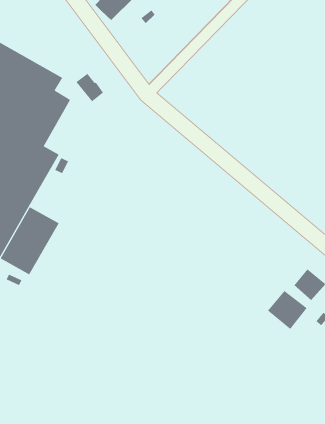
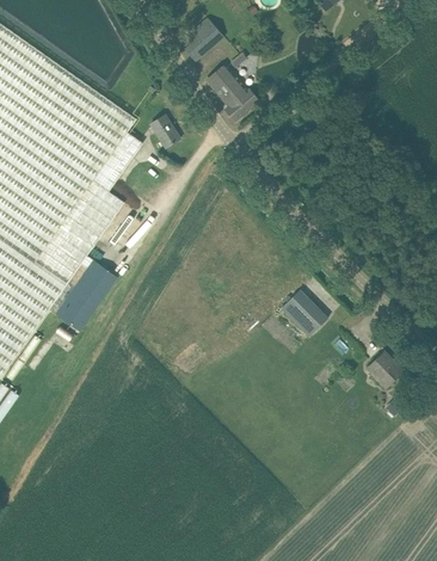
building: none -> [205,64,258,121]
building: none -> [281,290,327,337]
building: [267,290,307,330] -> none

